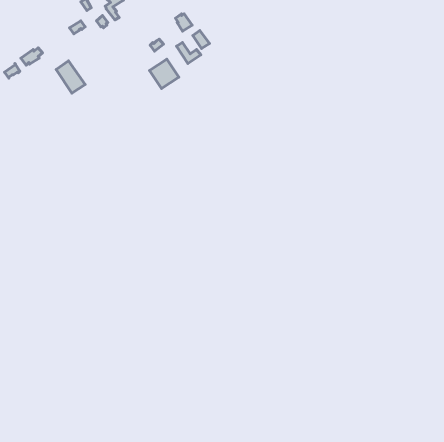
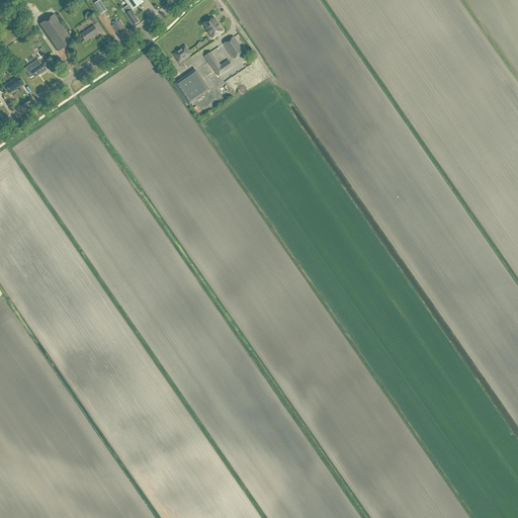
building: [56,61,85,93] -> [39,12,73,50]

